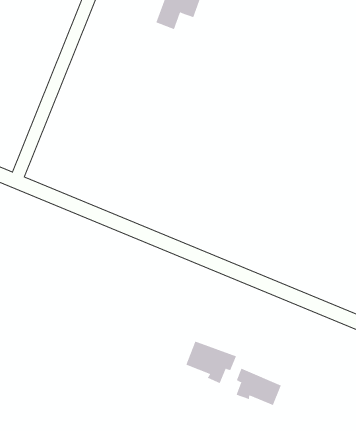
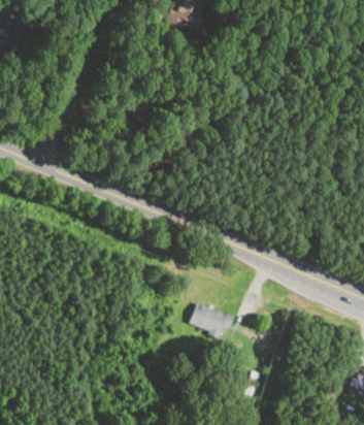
building: [236,368,281,406] -> none

